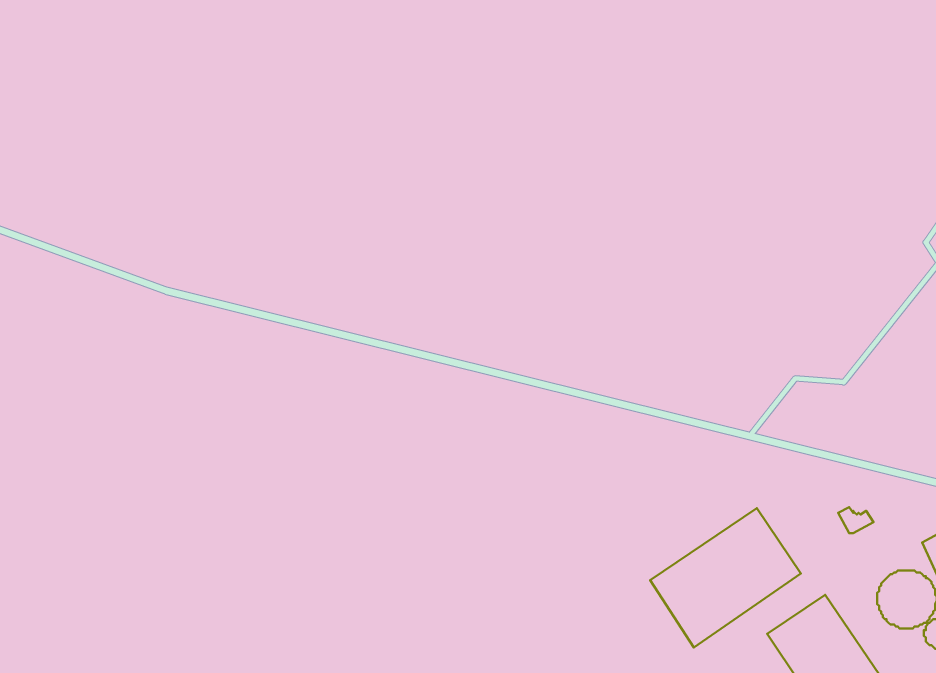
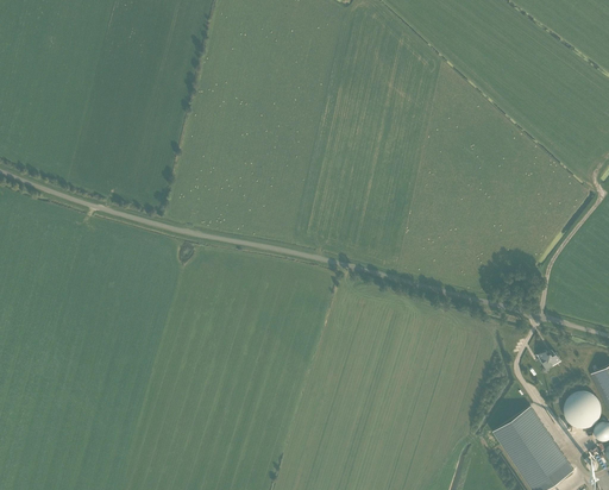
building: [650,508,801,647] -> none

